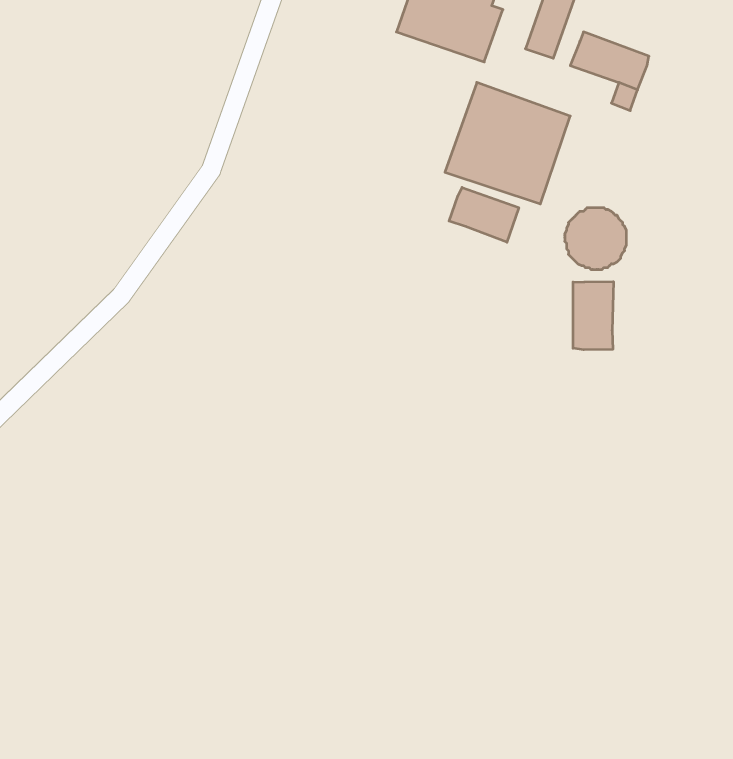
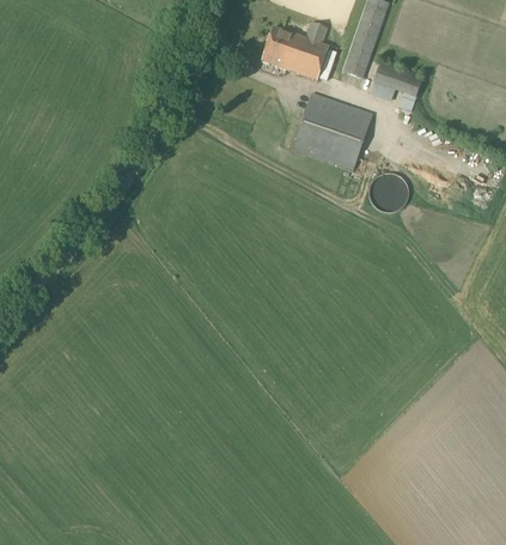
building: [449,187,519,242] -> none
building: [573,282,613,350] -> none

